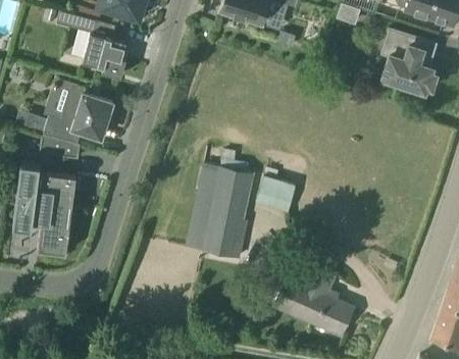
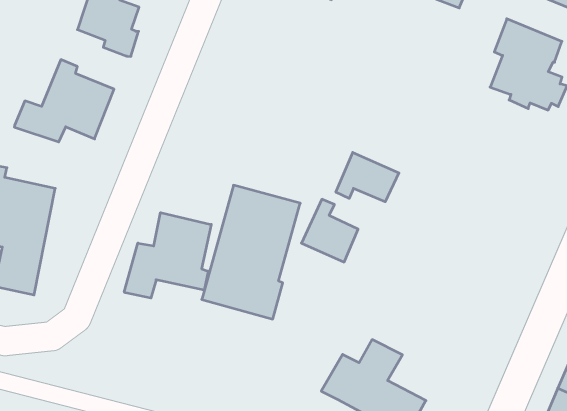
building: [39,135,80,160] -> none
building: none -> [336,152,399,202]
building: none -> [124,213,211,298]

